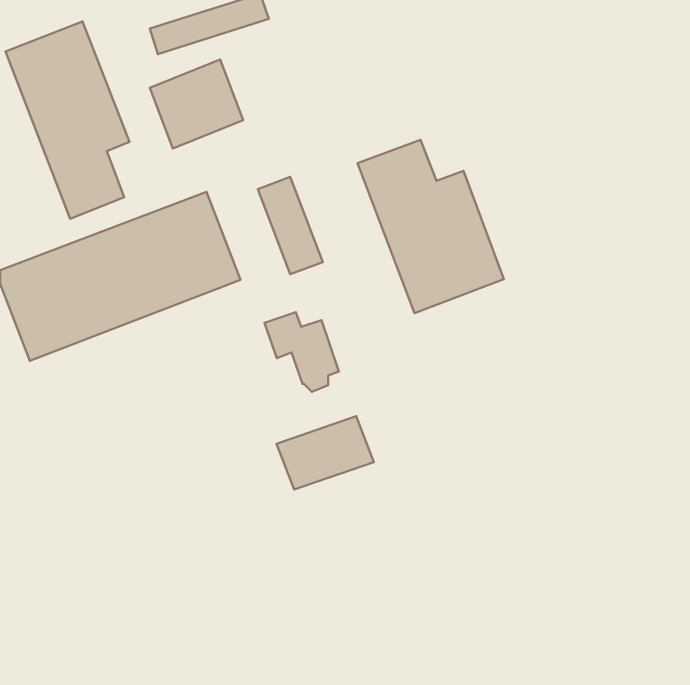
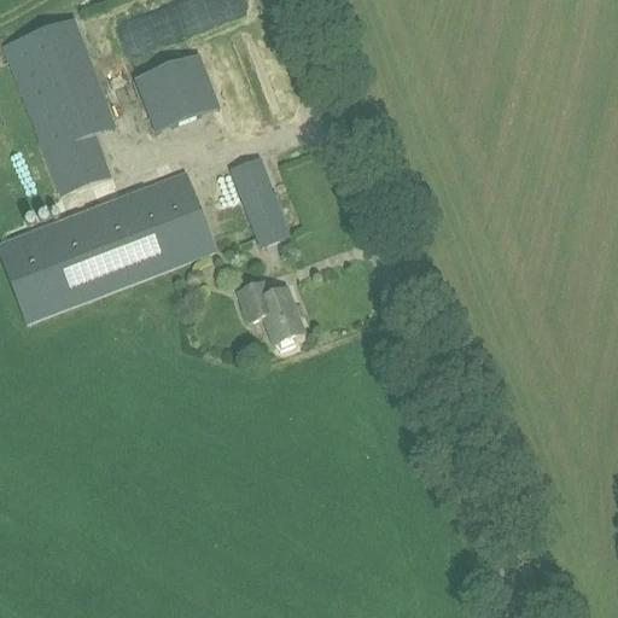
building: [357,140,504,313] -> none
building: [277,416,374,490] -> none

